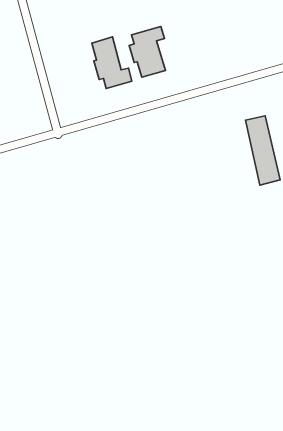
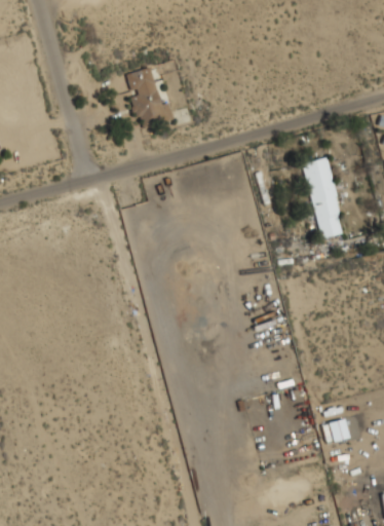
building: [129,26,166,77] -> none

